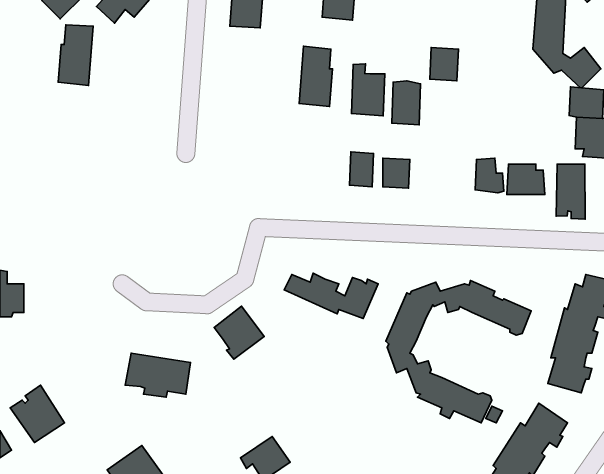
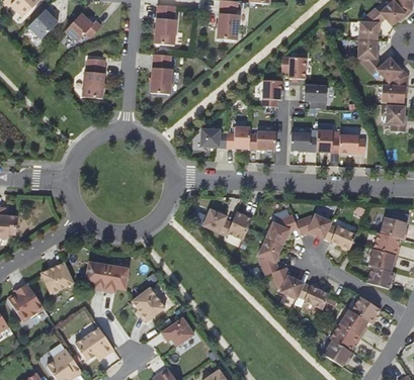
building: [58,25,93,85] -> [81,58,104,98]
building: [299,46,332,107] -> [150,54,172,94]
building: [351,64,385,116] -> none
building: none -> [302,85,326,103]
building: none -> [291,127,316,154]
building: none -> [199,128,221,150]
building: [556,164,585,219] -> none
building: [214,306,264,359] -> [134,285,167,320]
building: none -> [40,261,73,293]

